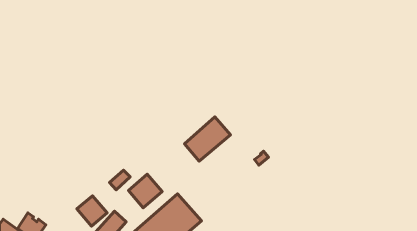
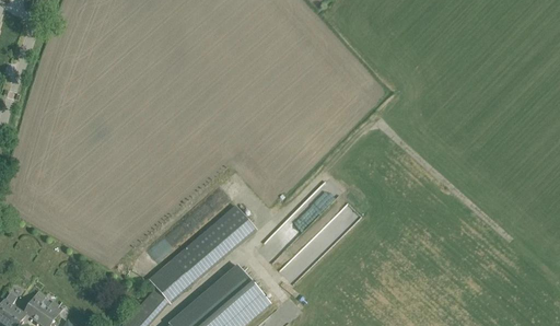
building: [185,117,230,161] -> [197,201,258,260]
building: [77,196,107,226] -> [151,259,191,300]

